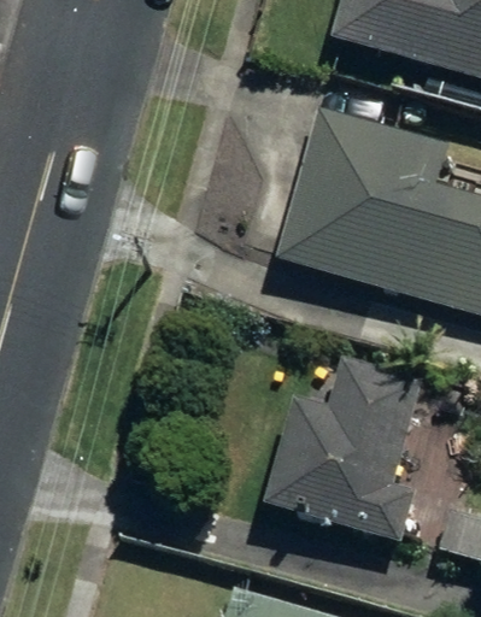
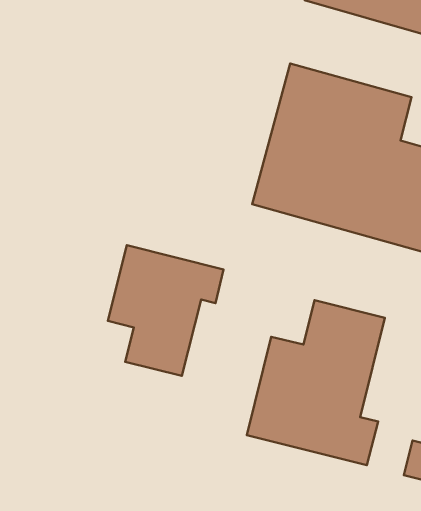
building: none -> [108,245,224,376]

